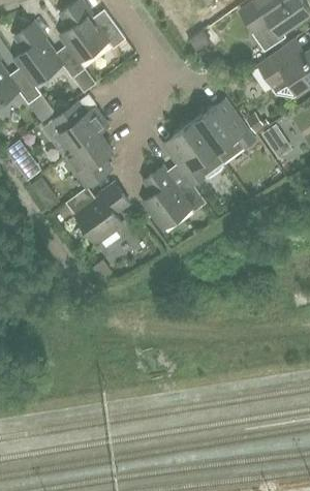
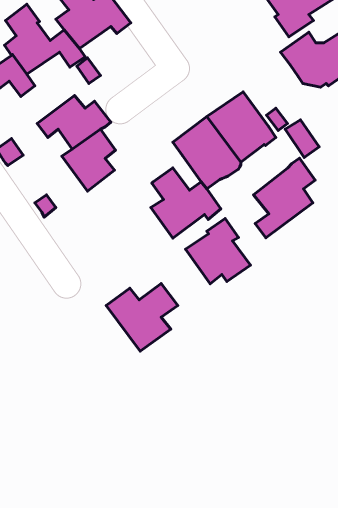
building: none -> [253,158,315,238]
building: [66,184,129,244] -> [106,283,178,351]
building: none -> [186,219,250,284]

